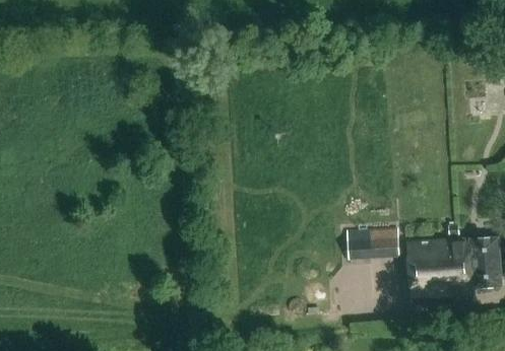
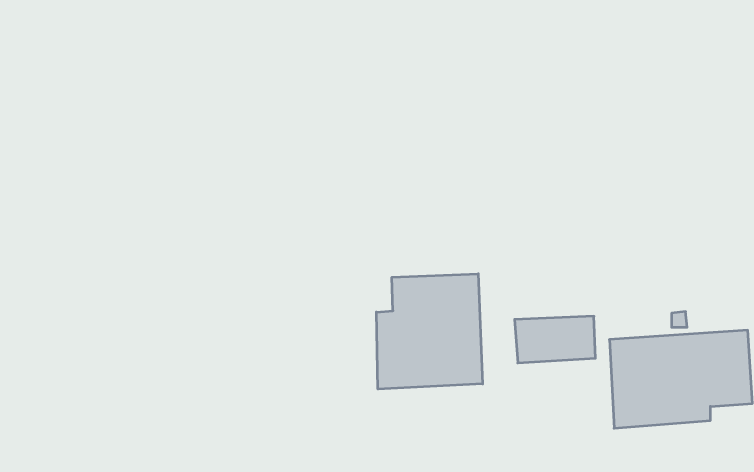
building: none -> [376,274,483,389]

